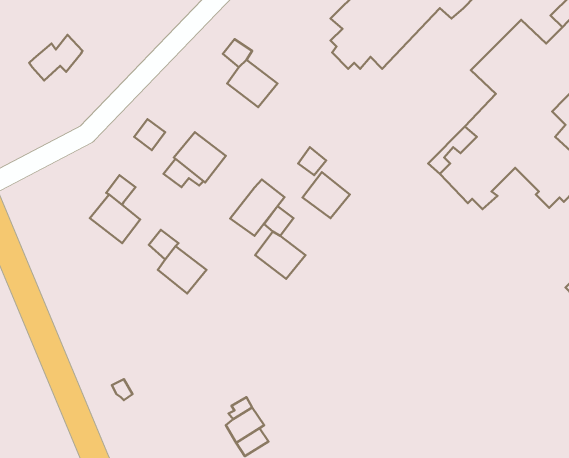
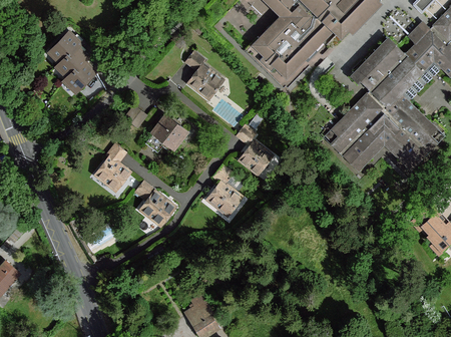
building: none -> [47,30,83,65]
building: none -> [53,62,99,97]
building: [230,179,284,236] -> none

